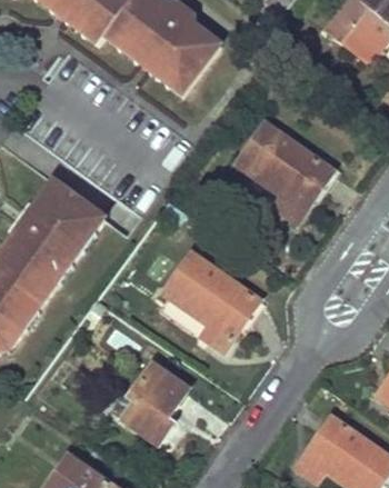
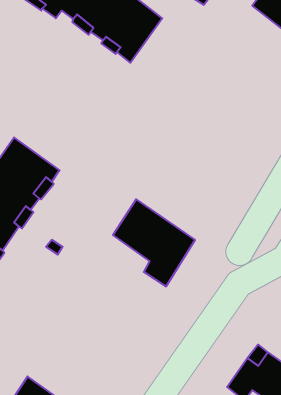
building: [236,121,331,220] -> none
building: [123,365,186,444] -> none

